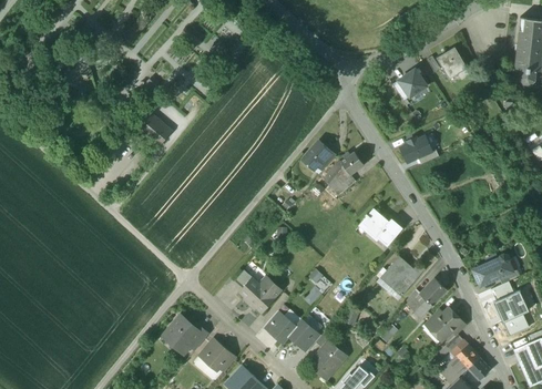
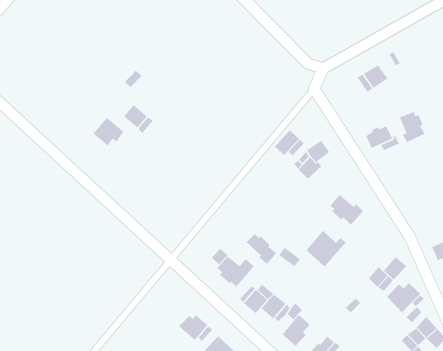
building: [437,48,468,80] -> none
building: none -> [399,111,425,143]
building: none -> [93,117,125,146]
building: none -> [246,233,277,265]
building: [380,256,426,297] -> [305,230,347,268]
building: [165,316,208,350] -> none

